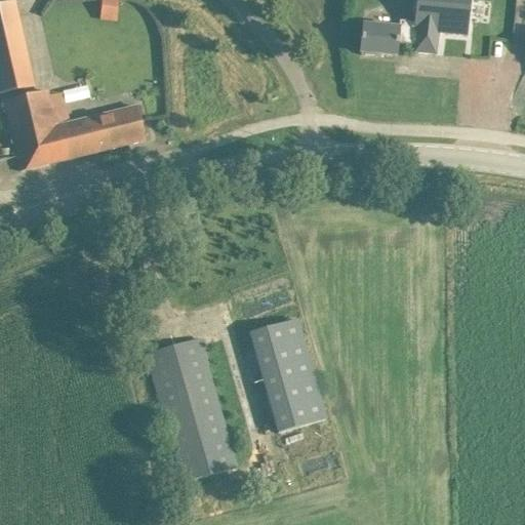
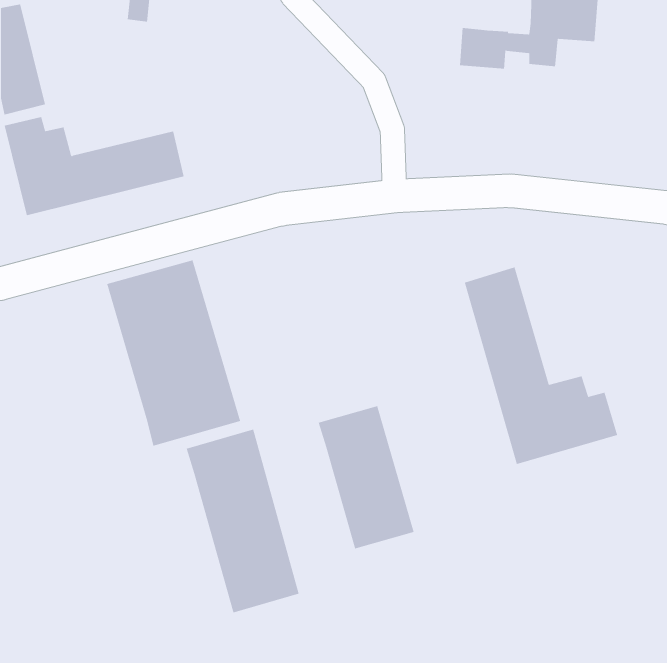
building: none -> [106,259,241,446]
building: none -> [464,267,618,465]

